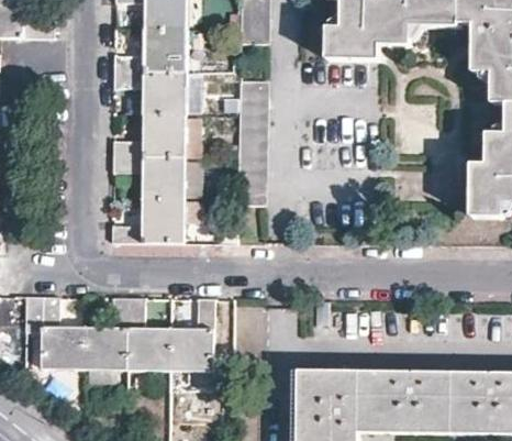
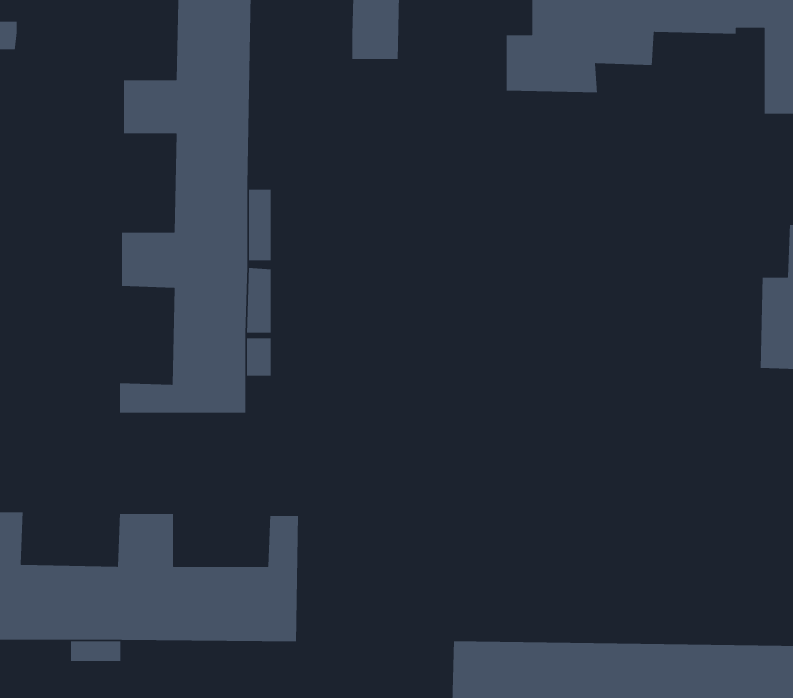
building: [238,80,268,202] -> none

